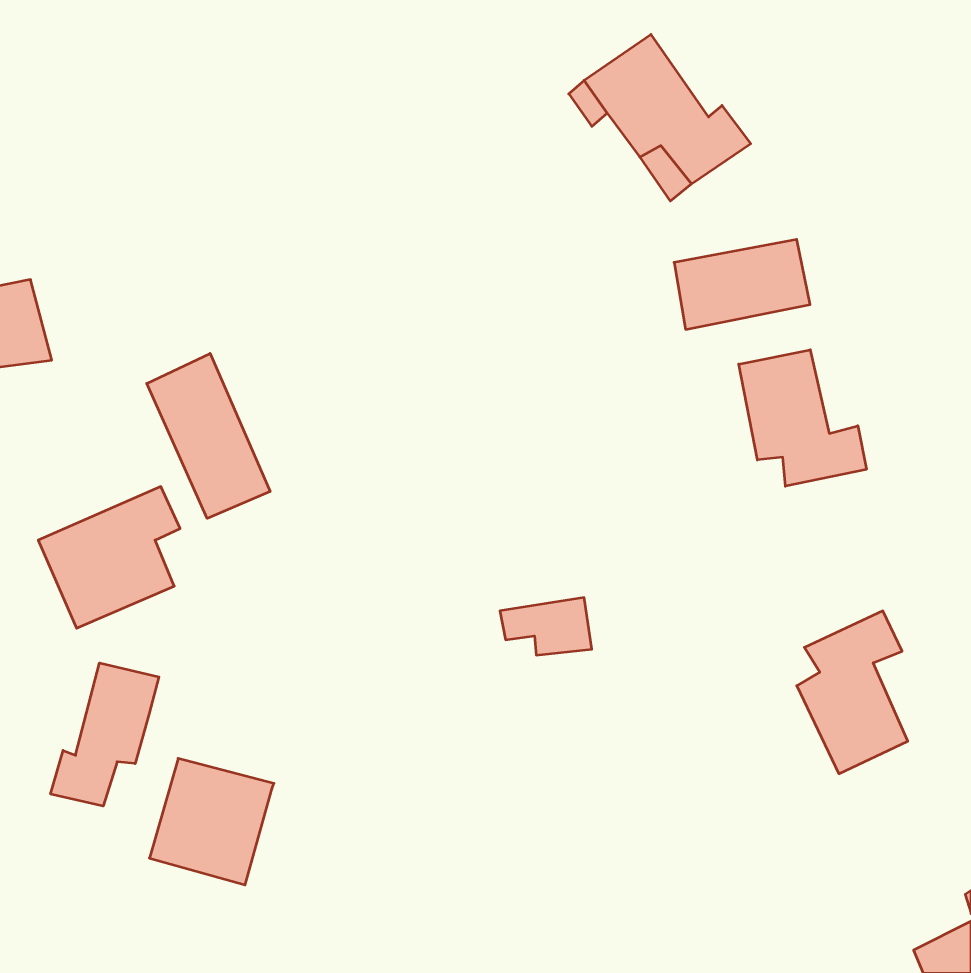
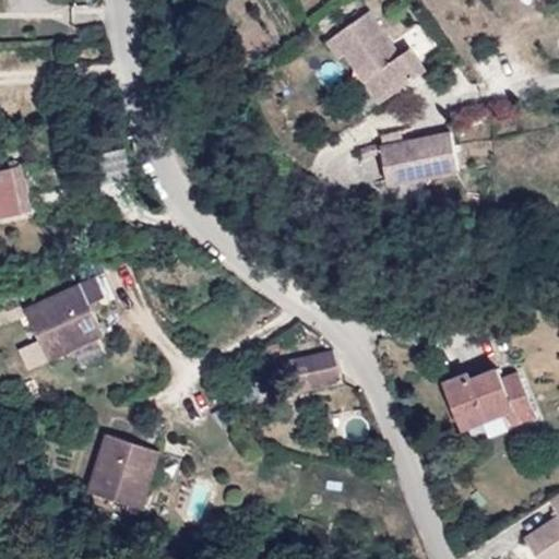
building: [739,350,866,486] -> none
building: [147,353,270,518] -> none
building: [51,663,159,806] -> none

